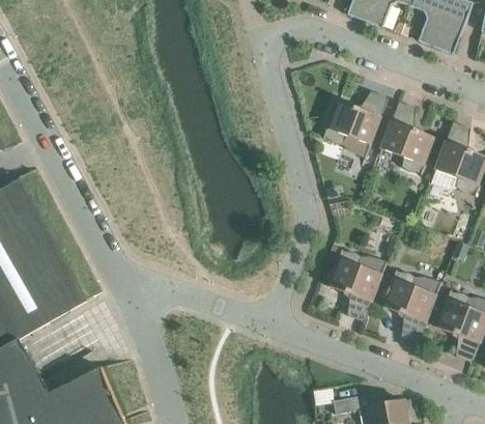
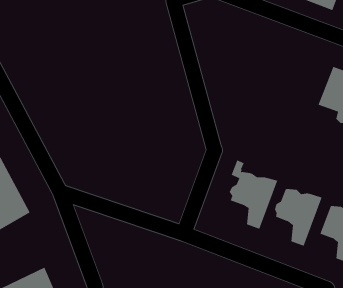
building: [321,91,387,167] -> none
building: [376,102,433,175] -> none

